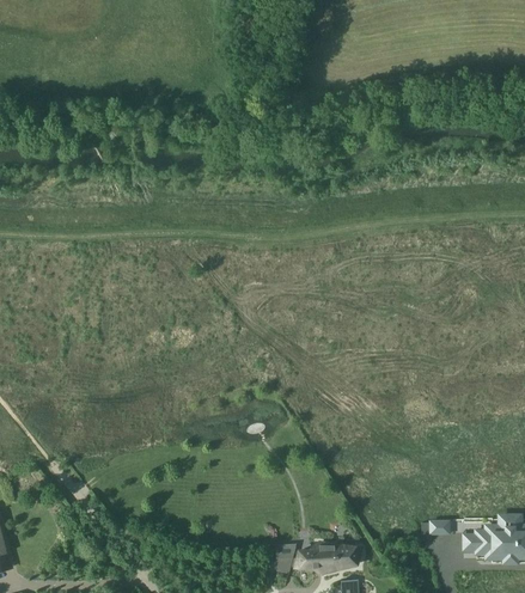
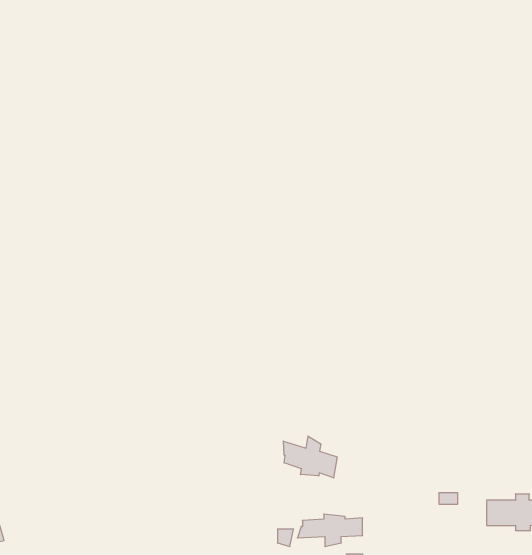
building: none -> [283,436,337,478]

